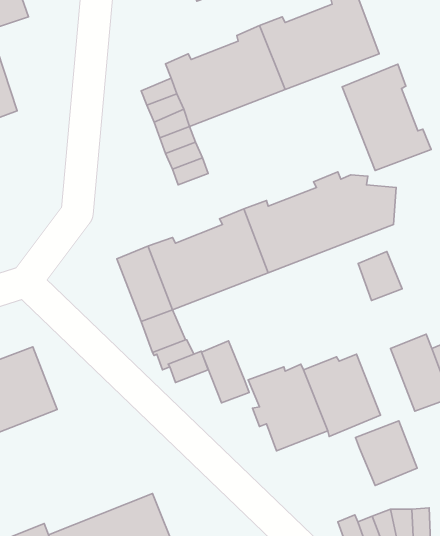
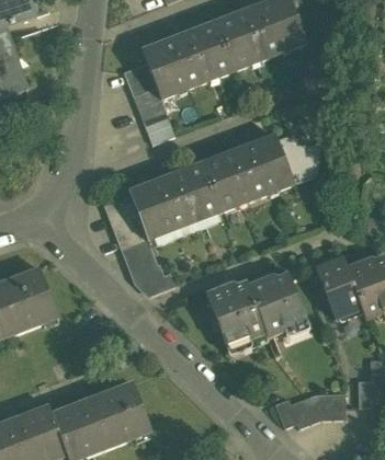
building: [342,64,431,170] -> none
building: [358,251,402,301] -> none
building: [201,341,249,403] -> none
building: [356,421,417,485] -> none

